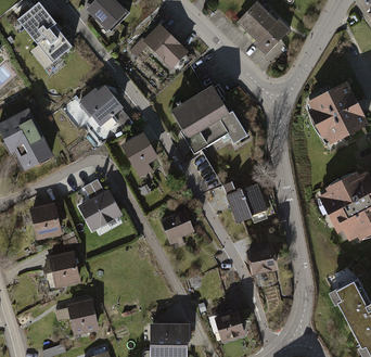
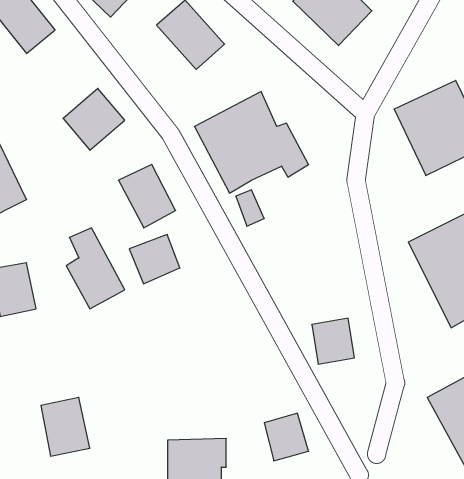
building: [226,182,269,224] -> none
building: [159,209,194,243] -> [129,235,180,284]
building: [46,252,79,289] -> none

